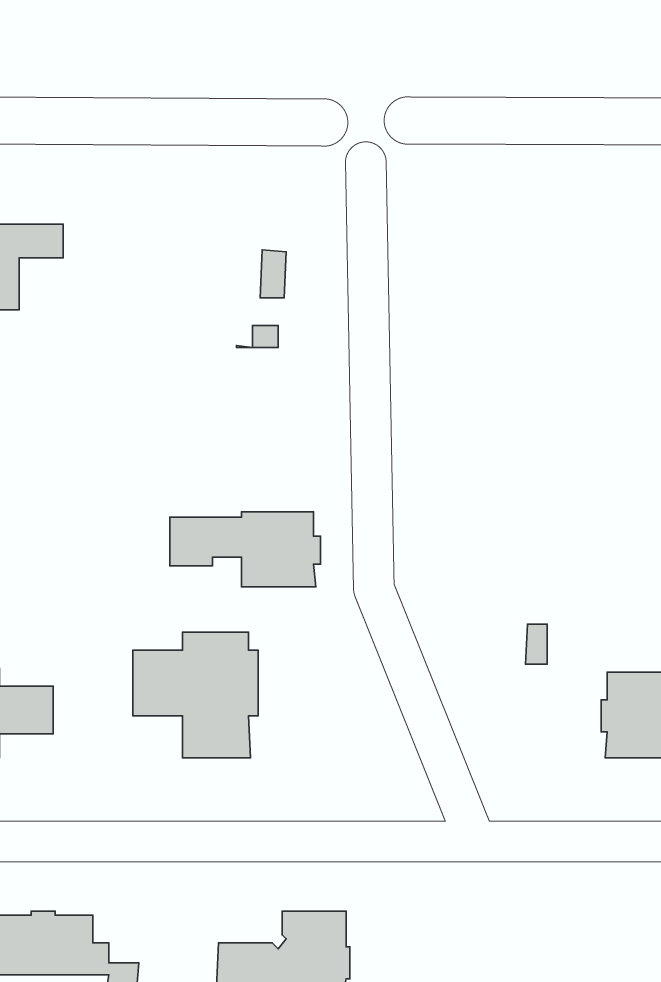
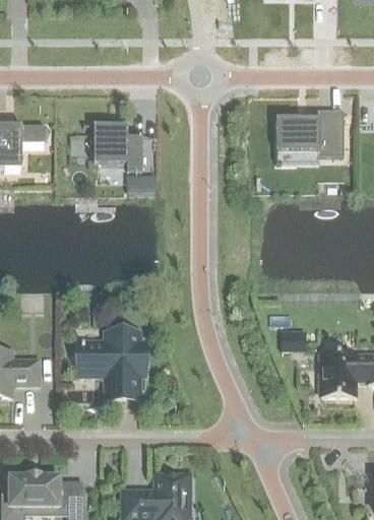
building: none -> [276,112,345,165]
building: none -> [94,124,142,170]
building: [170,512,320,587] -> none

